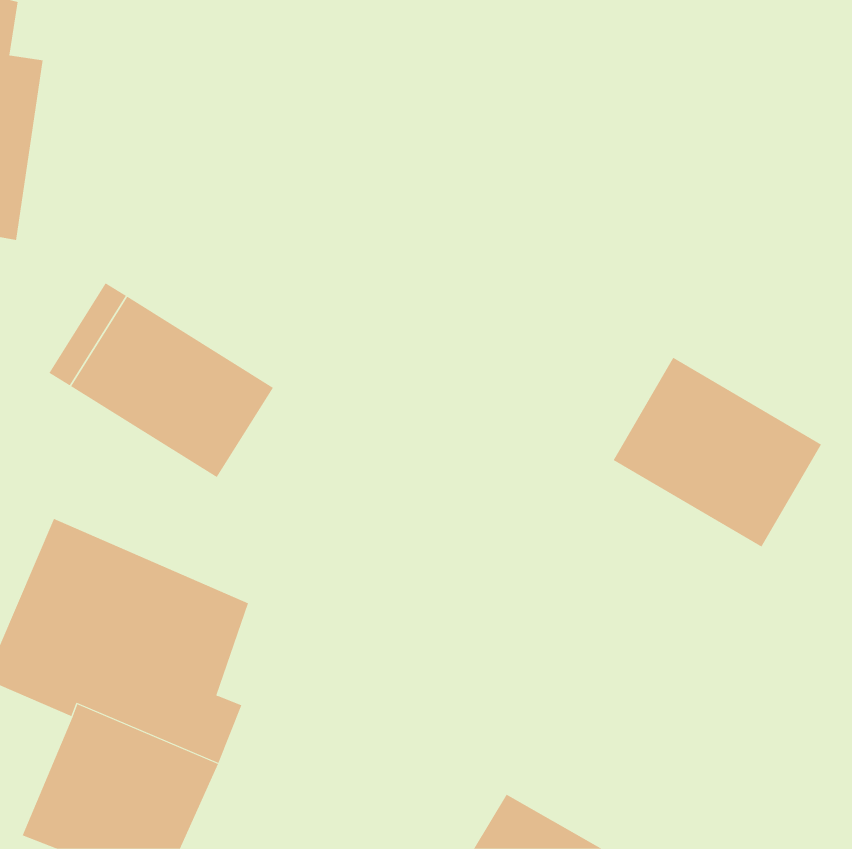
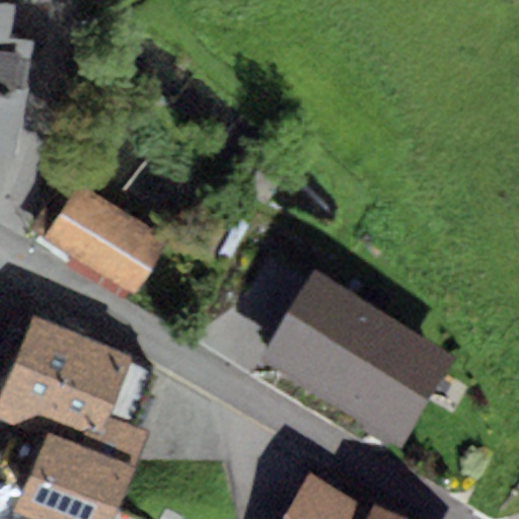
building: [613,357,822,548] -> none
building: none -> [265,289,455,456]

